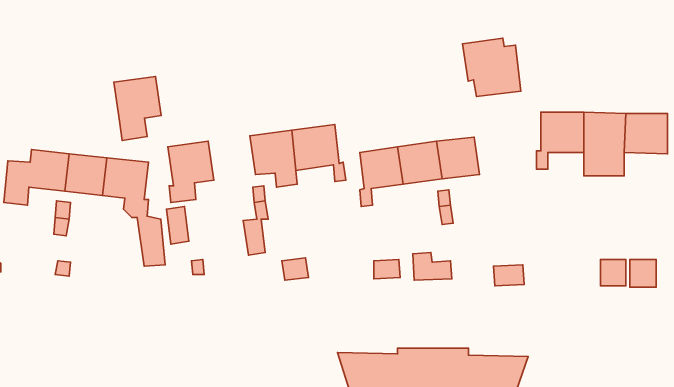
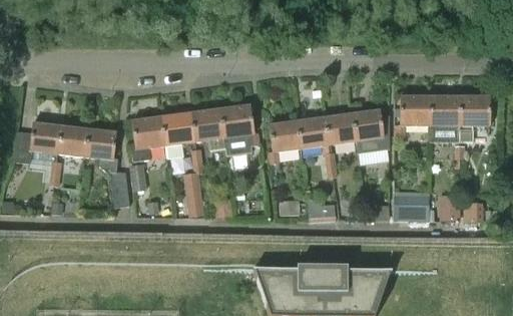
building: [463,38,521,97] -> [352,109,394,151]
building: [114,77,161,141] -> [160,112,194,159]
building: none -> [395,197,429,220]

